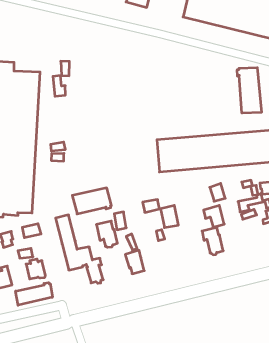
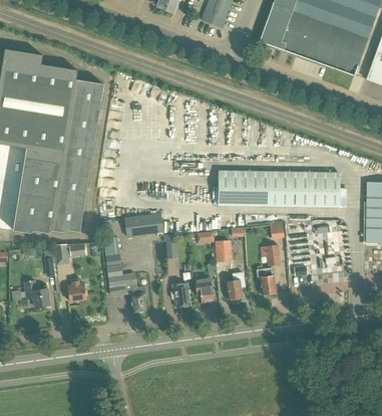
building: [237,68,261,113] -> none
building: [96,221,117,247] -> [195,276,215,303]
building: none -> [226,271,245,300]
building: [16,283,52,305] -> none

